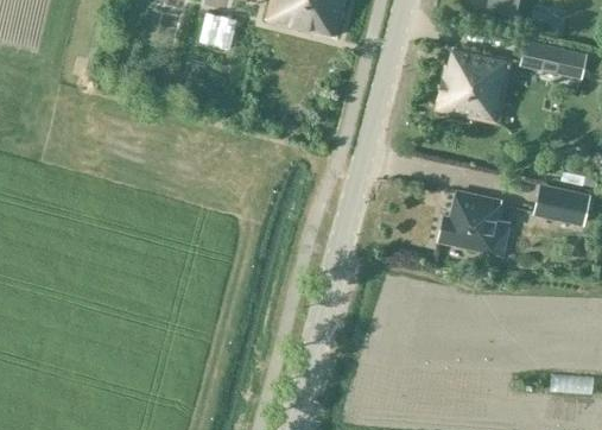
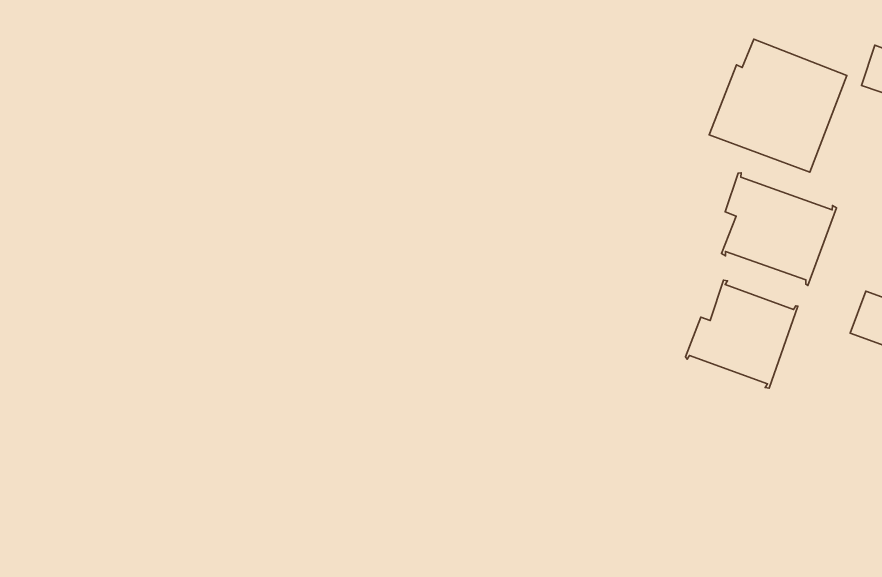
building: none -> [721,173,836,285]

